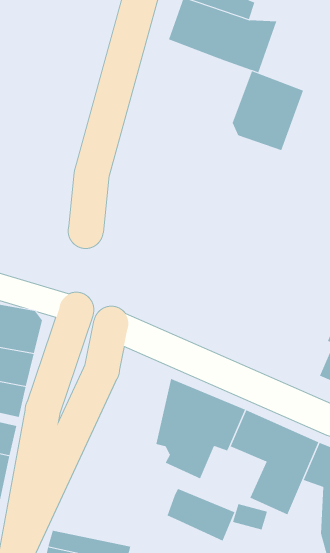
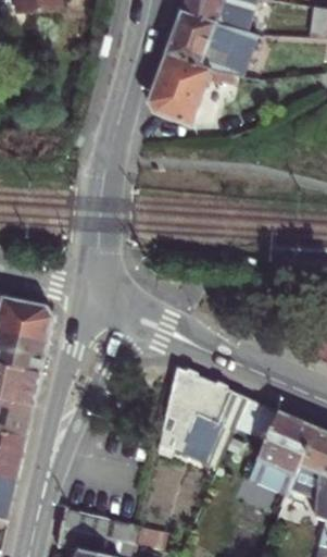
building: [232,71,304,151] -> [151,49,218,124]
building: [167,488,235,542] -> none

